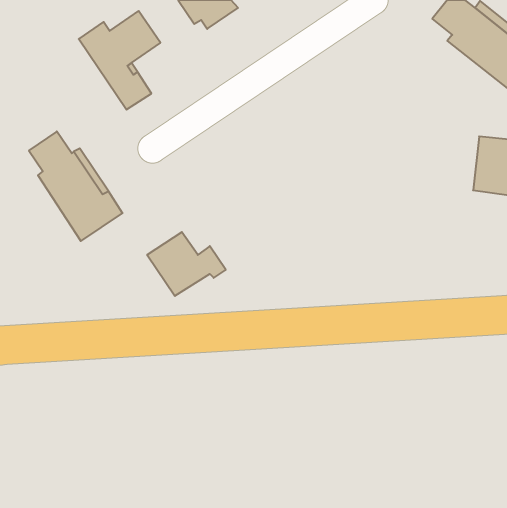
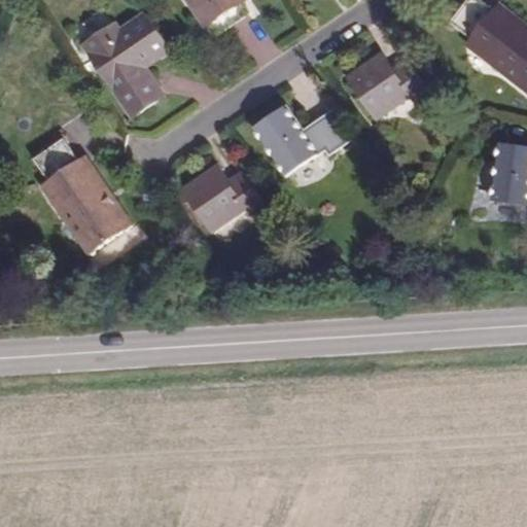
building: none -> [354,64,433,128]
building: none -> [253,106,349,174]
building: [147,232,226,296] -> [180,163,261,229]

